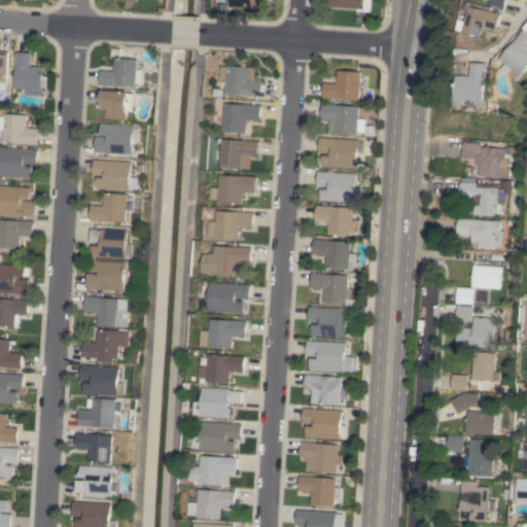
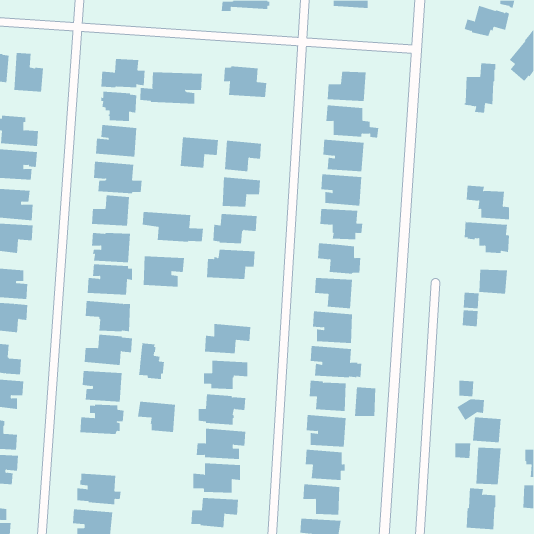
building: none -> [140,72,202,105]
building: [222,103,260,134] -> [180,137,219,168]
building: [460,142,507,179] -> none
building: none -> [142,211,203,243]
building: [209,283,250,314] -> [143,256,185,287]
building: [455,318,493,349] -> none
building: none -> [138,342,165,380]
building: [468,353,499,382] -> none
building: none -> [354,387,376,417]
building: [75,433,113,464] -> [137,401,176,433]

